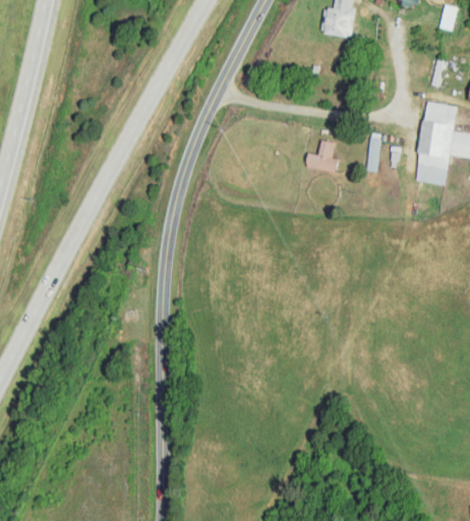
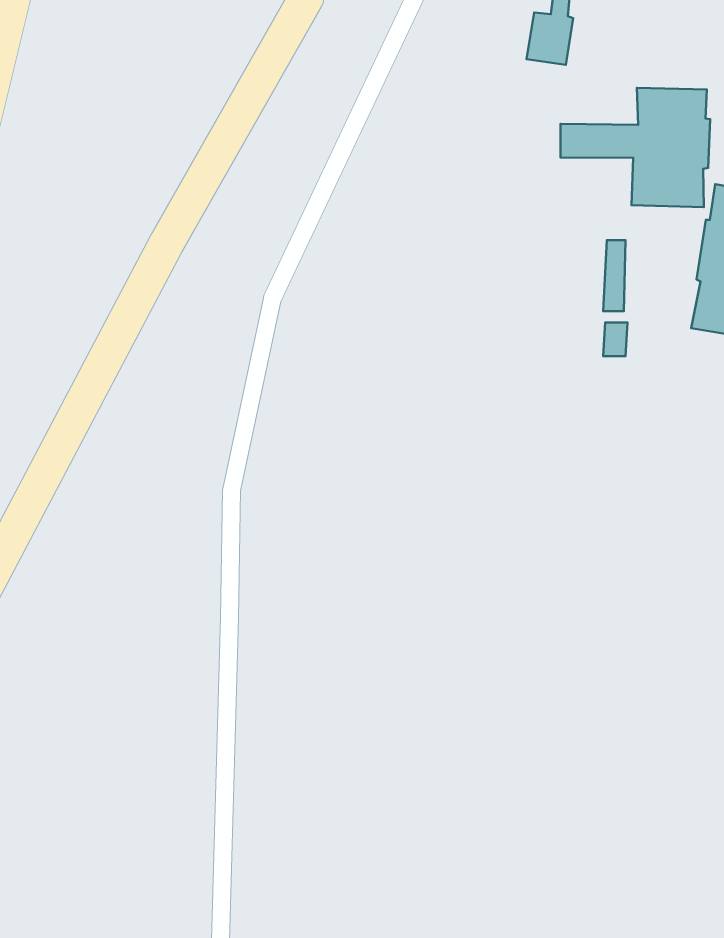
building: none -> [561,88,710,207]
building: [304,138,338,172] -> none

